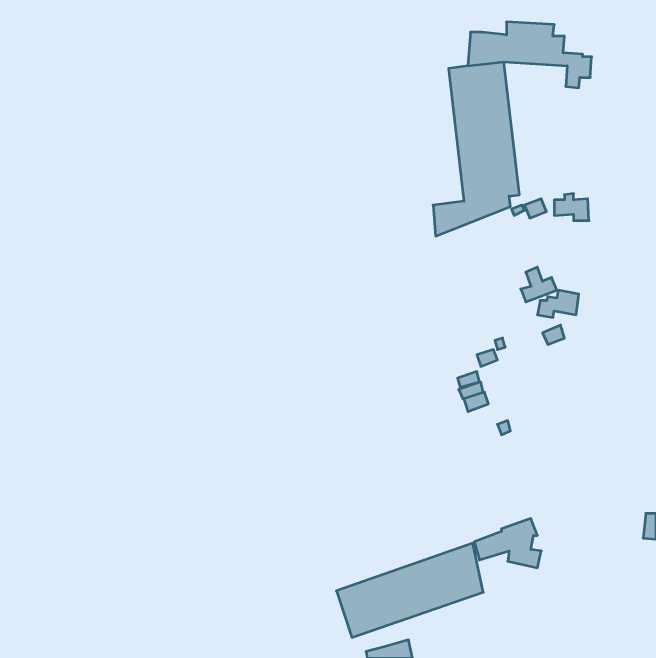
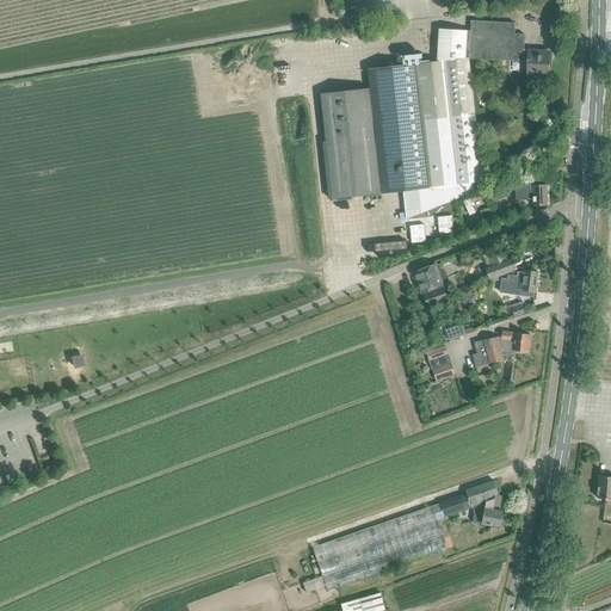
building: none -> [320,64,427,197]
building: none -> [413,264,446,306]
building: none -> [471,331,529,365]

